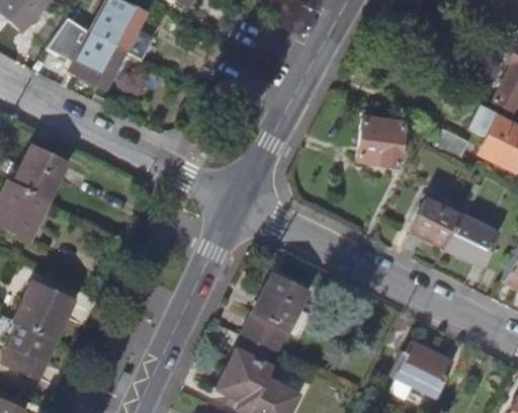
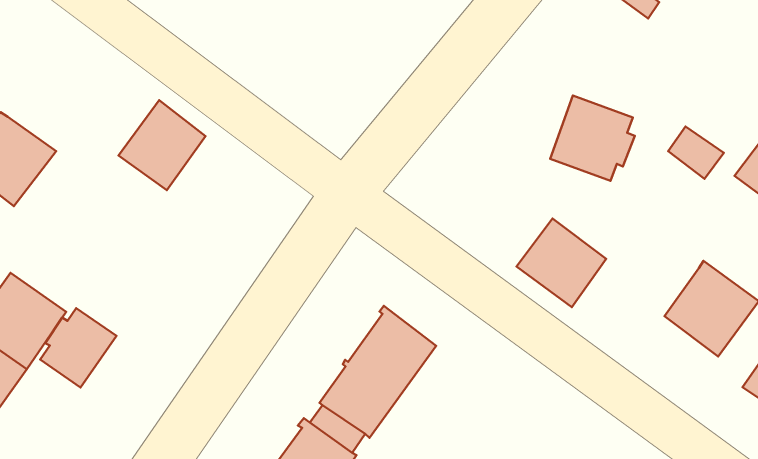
building: [18,151,70,205] -> [119,100,206,190]
building: [406,190,460,243] -> [516,219,606,307]
building: none -> [40,308,117,387]

